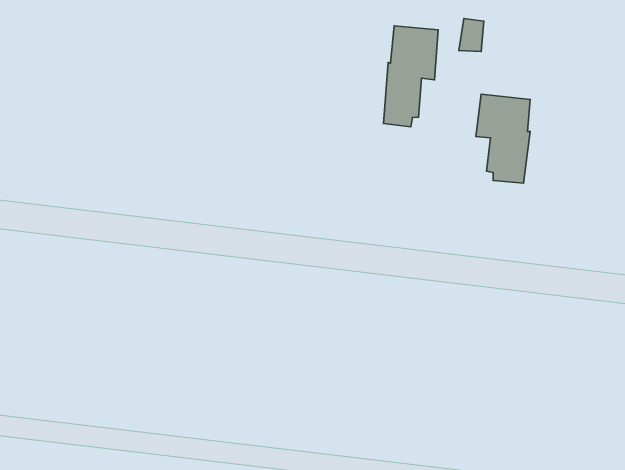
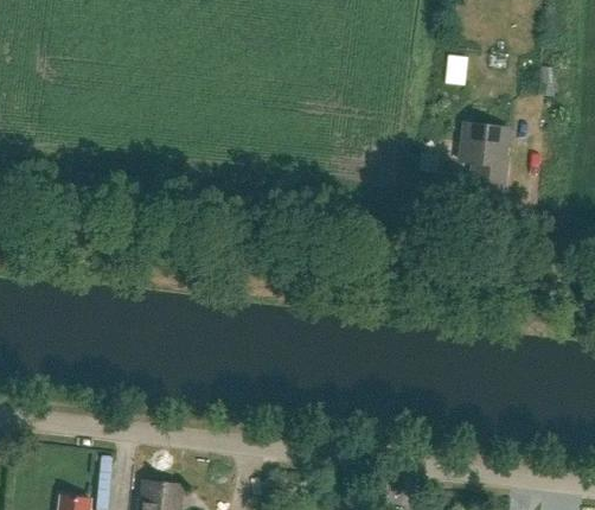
building: [384,26,438,127] -> none

